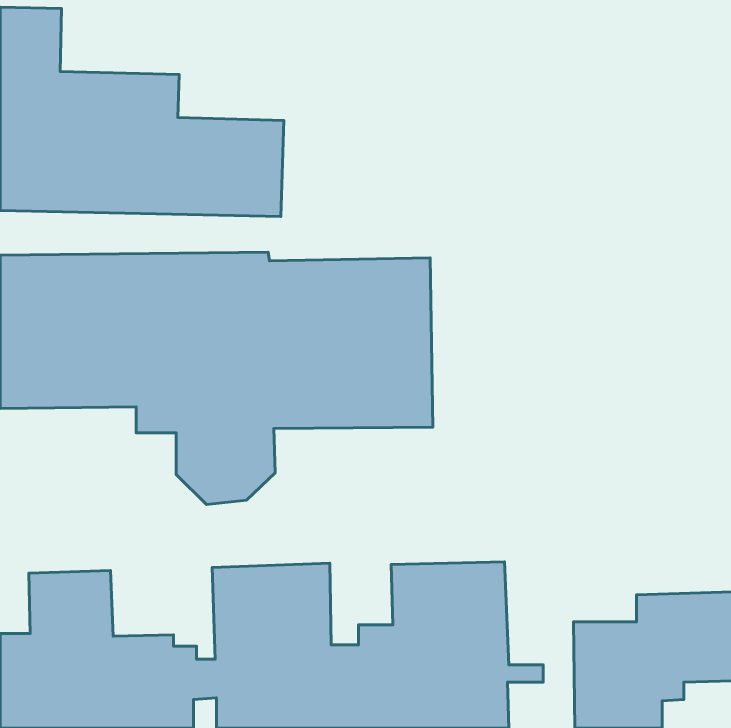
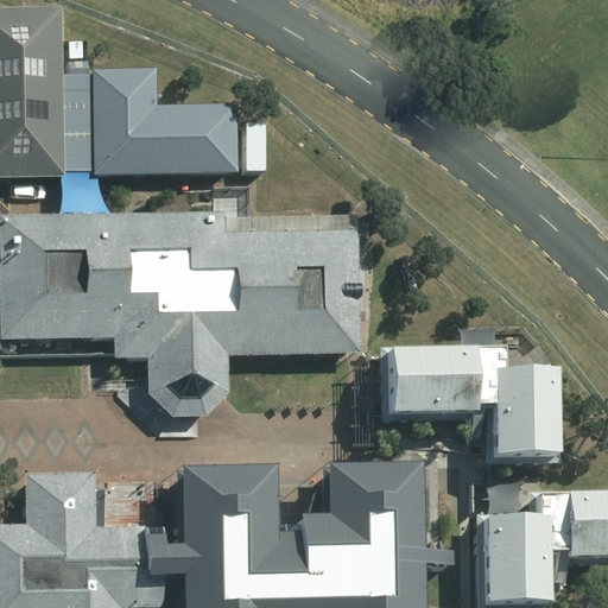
building: none -> [381,344,560,461]

